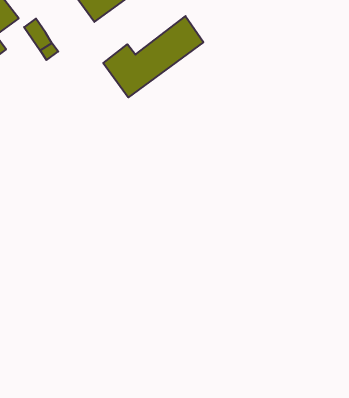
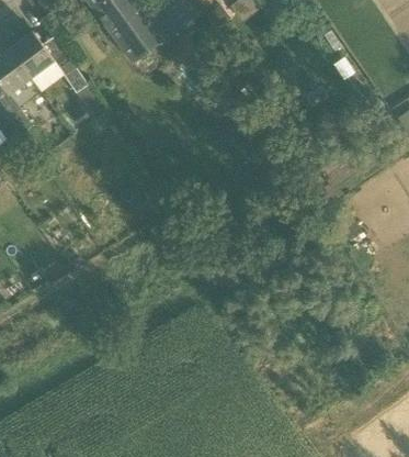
building: [103,16,203,97] -> none

